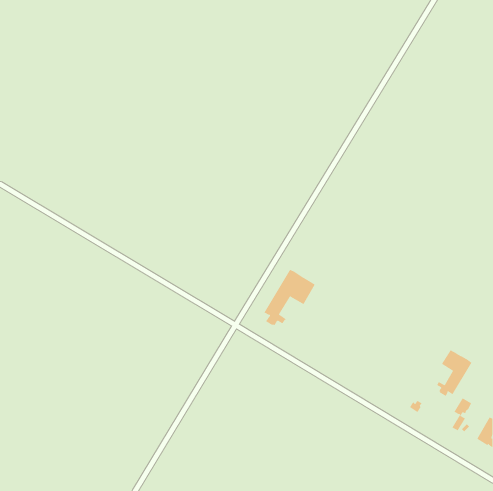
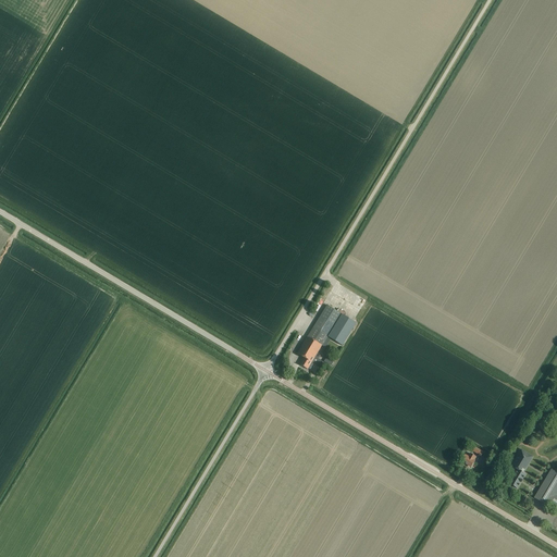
building: [437,349,472,397] -> none

